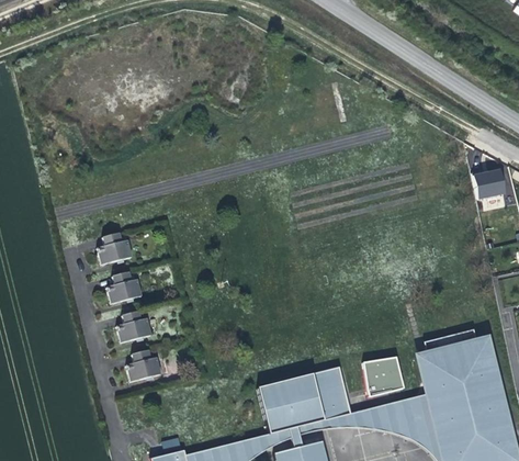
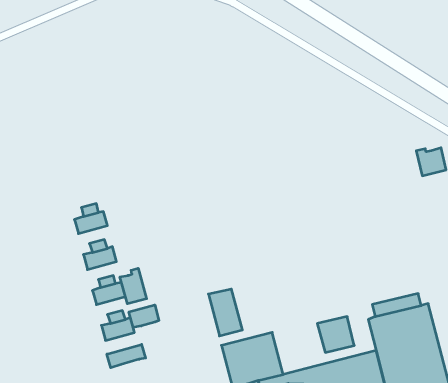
building: none -> [120,268,147,304]
building: none -> [129,305,159,328]
building: [314,368,351,419] -> [208,289,242,336]
building: none -> [107,344,146,368]

